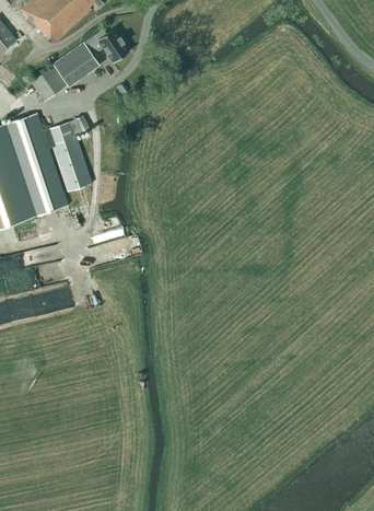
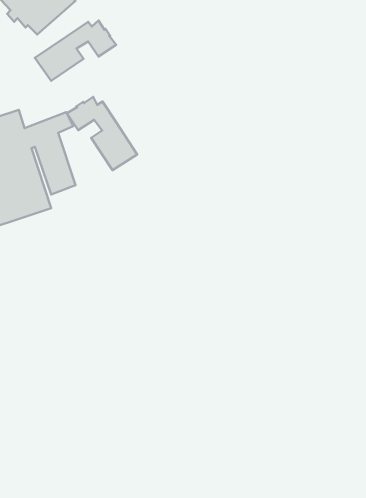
building: [30,66,66,102] -> none
building: none -> [67,97,137,170]

